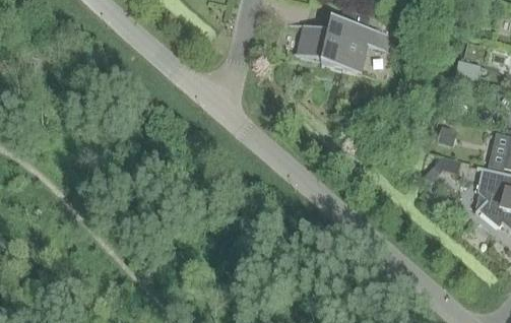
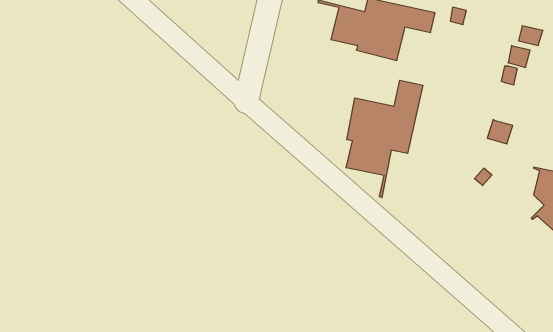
building: none -> [346,80,423,198]

